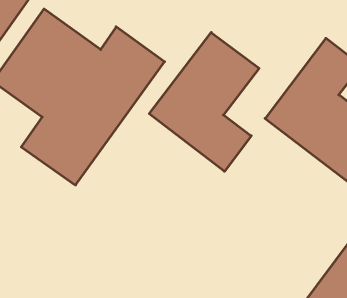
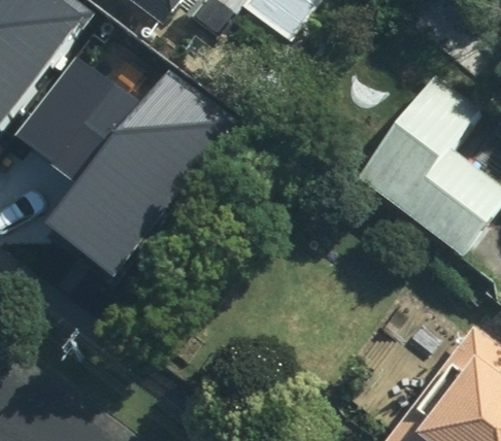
building: [149,32,259,171] -> none

